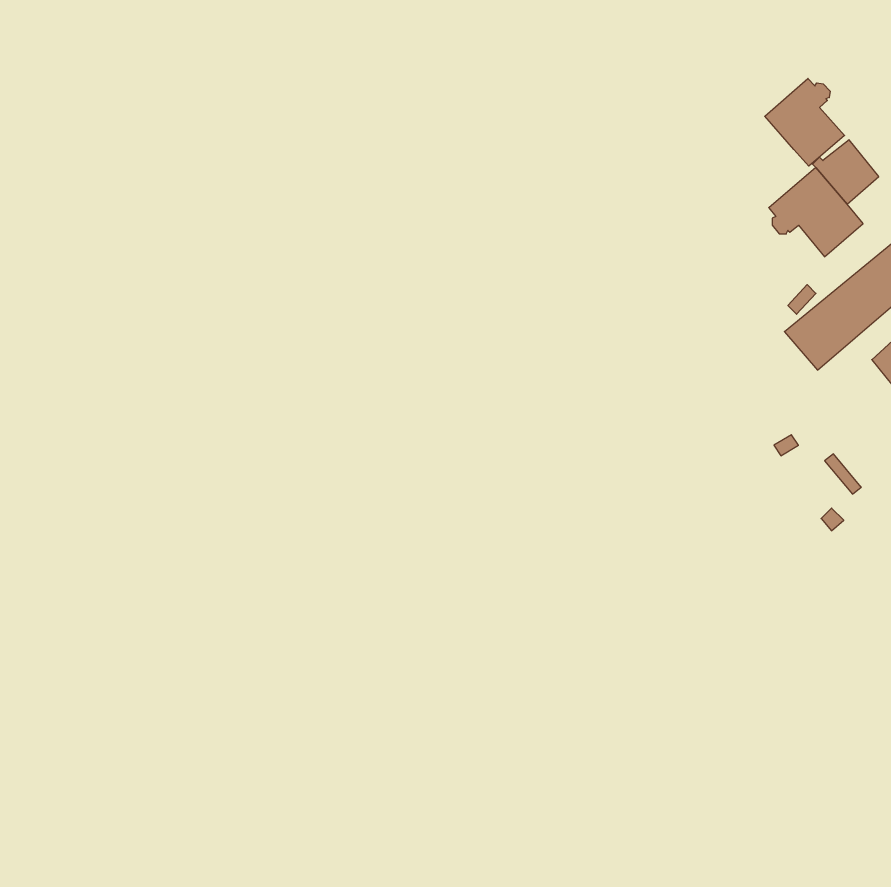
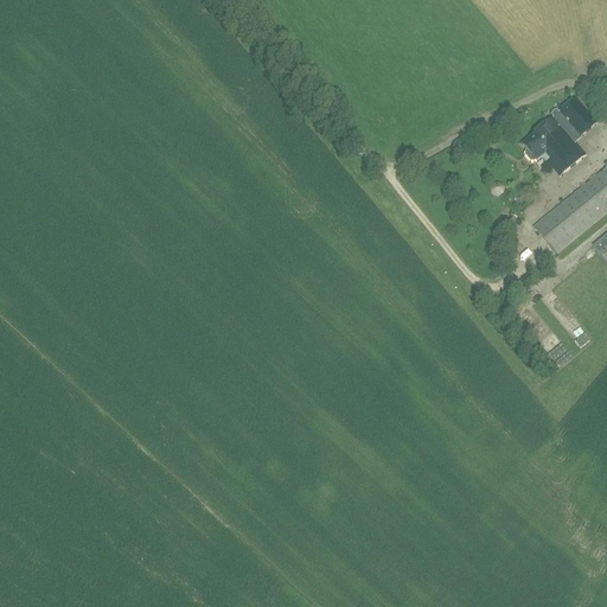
building: [765,78,845,166] -> none

